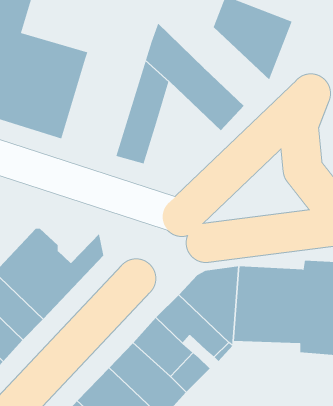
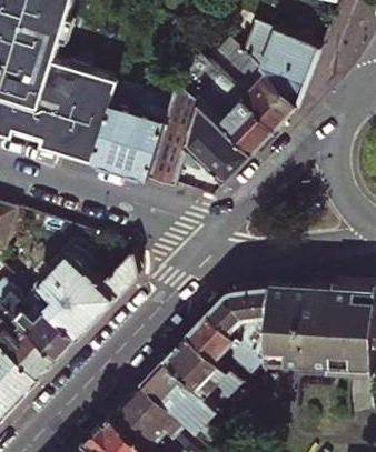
building: none -> [212,41,295,132]
building: none -> [92,69,179,181]
building: none -> [185,109,247,184]

